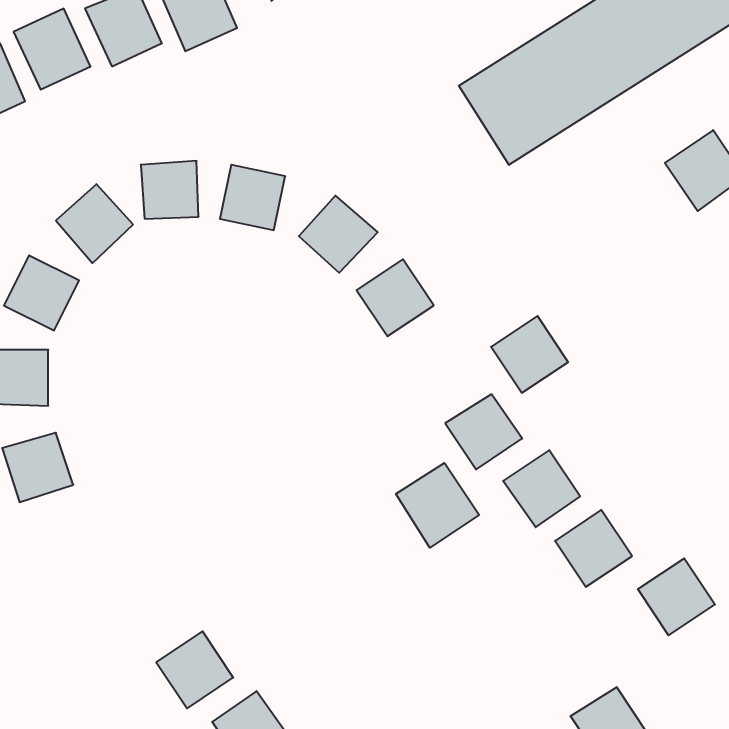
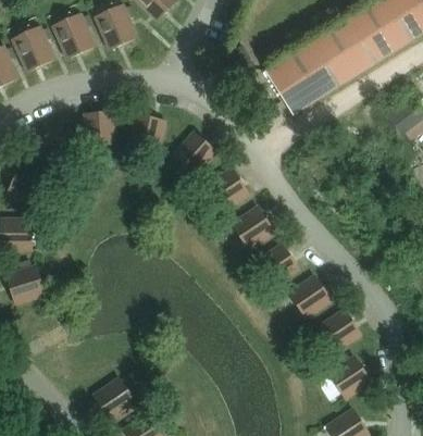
building: [491,316,568,393] -> [232,205,275,249]
building: [396,463,479,548] -> none
building: [638,558,715,635] -> [327,354,371,398]

